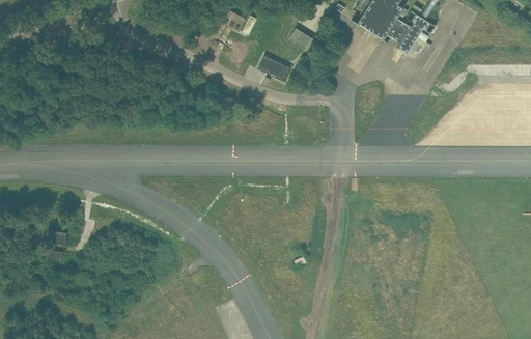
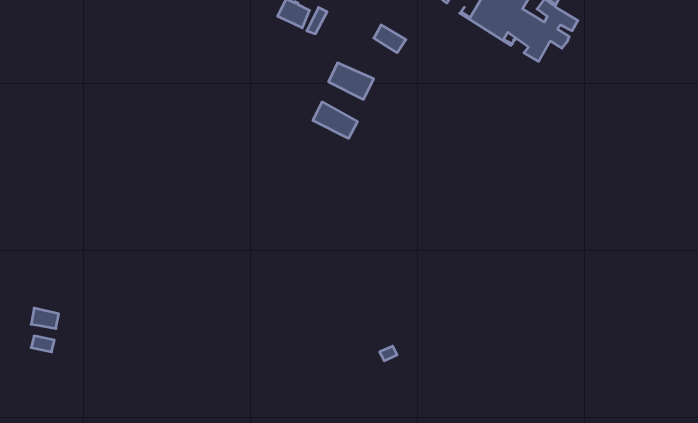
building: none -> [313,102,357,138]

